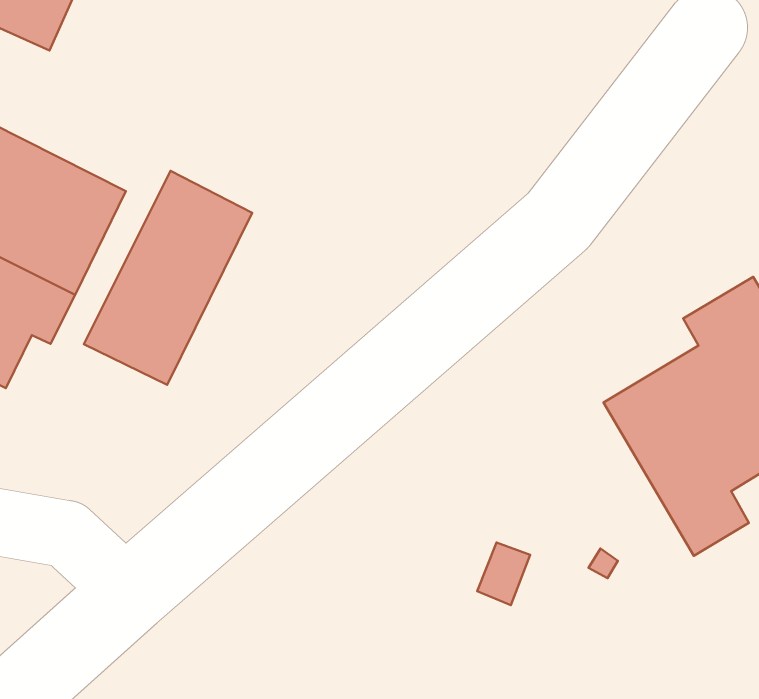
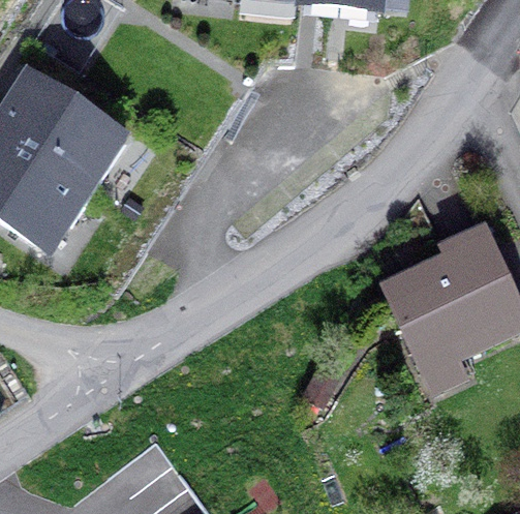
building: [84,171,252,385] -> none

